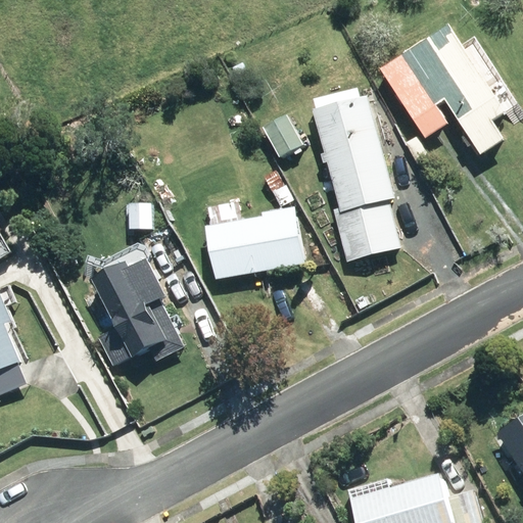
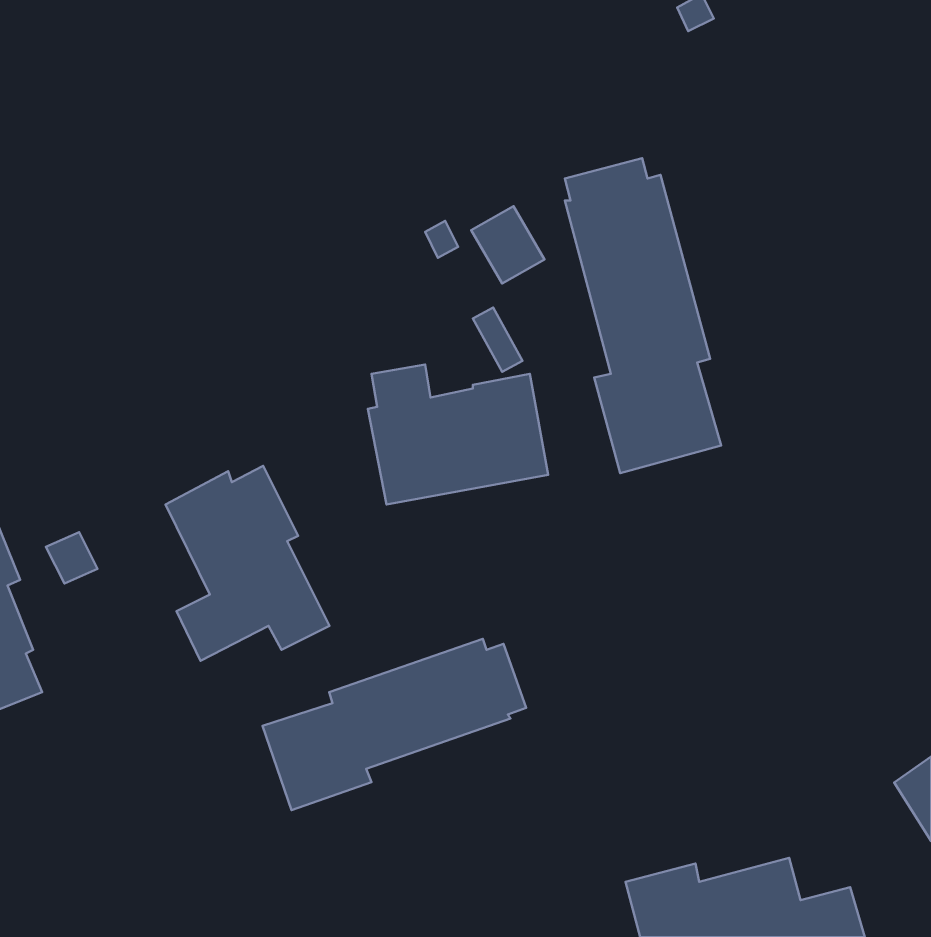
building: [379,25,506,154] -> none
building: none -> [263,639,526,810]

